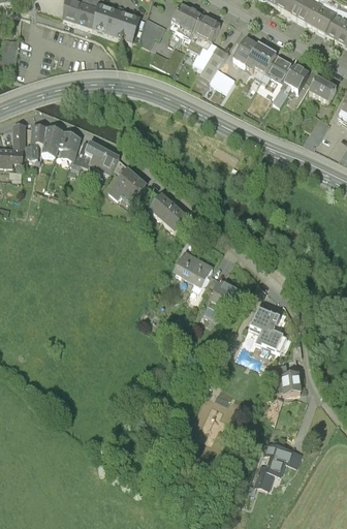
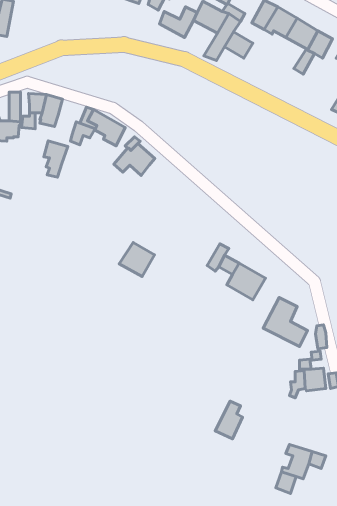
building: [58,128,80,161] -> [44,141,68,177]
building: [149,191,187,227] -> none
building: [172,248,204,279] -> [119,242,155,277]

